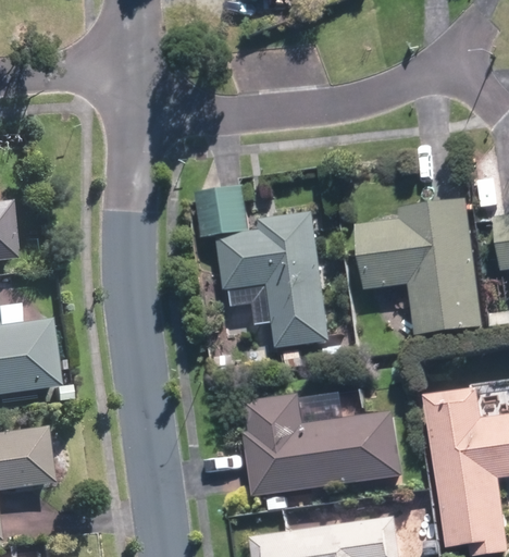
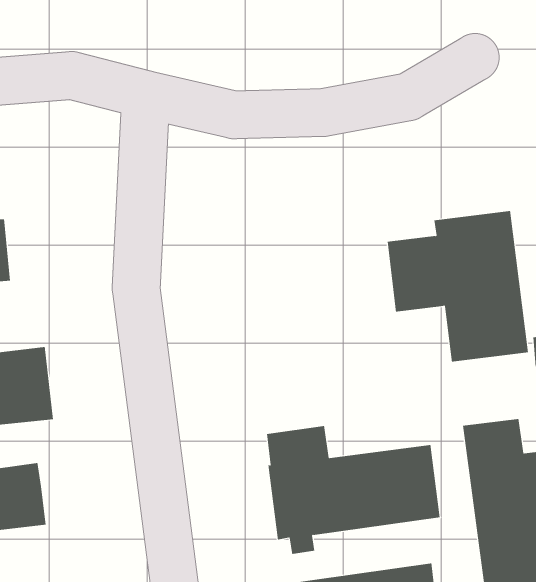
building: [193,183,328,364] -> none

